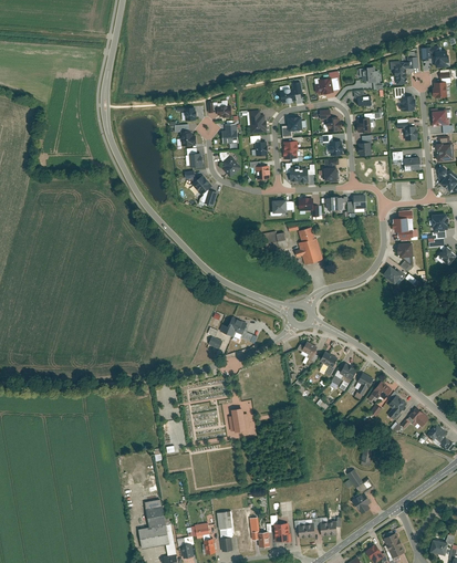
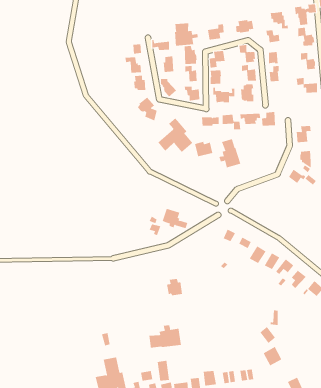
building: none -> [175,22,198,46]
building: none -> [158,118,193,153]
building: none -> [149,324,182,349]

